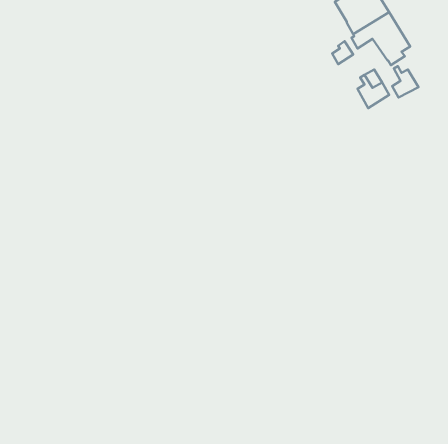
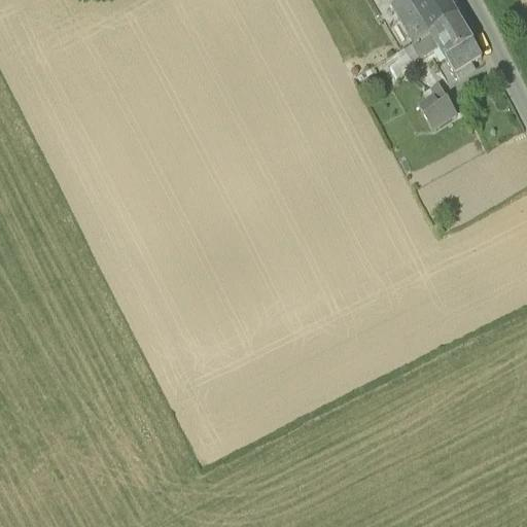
building: [392,66,418,97] -> none

